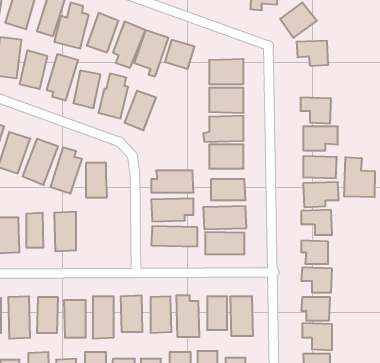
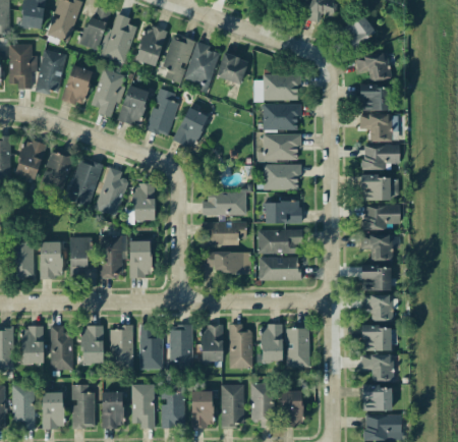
building: none -> [359,85,390,111]
building: [344,157,375,197] -> none
building: none -> [129,240,152,277]

